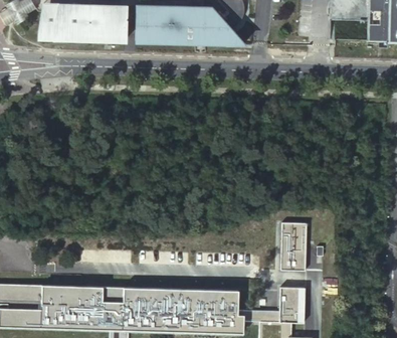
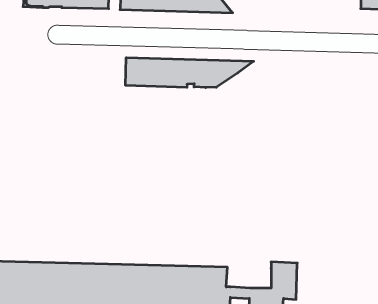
building: none -> [126,58,254,88]
building: [278,222,305,271] -> none

